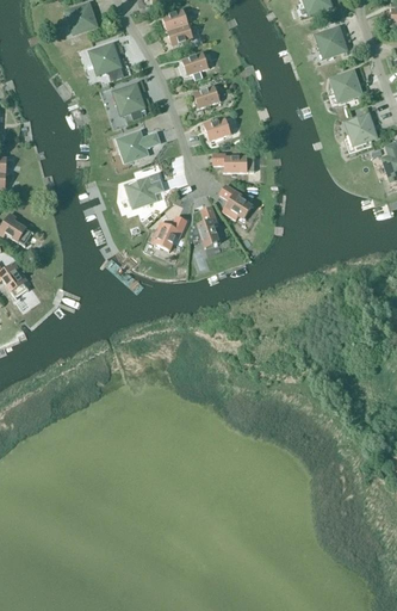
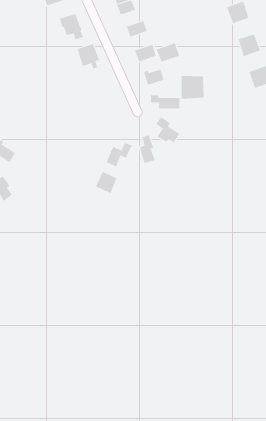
building: none -> [156,42,180,62]
building: none -> [181,75,204,99]
building: [116,130,159,162] -> none
building: [125,173,162,208] -> none
building: none -> [95,171,117,194]

